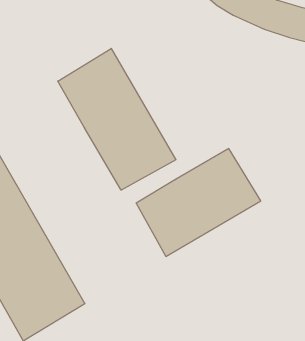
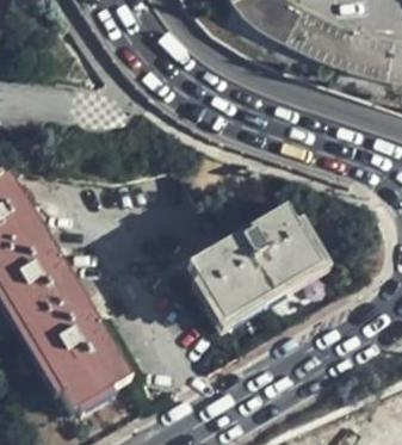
building: [58,48,176,190] -> none

